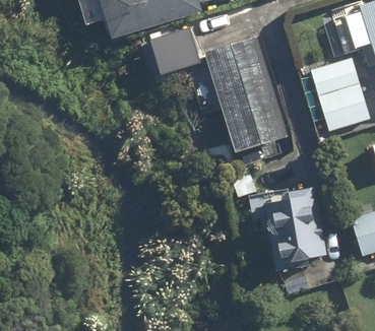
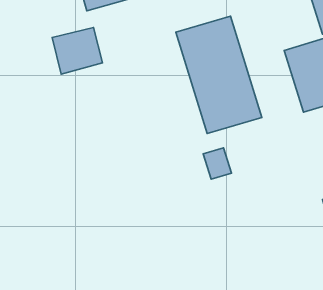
building: [149,28,200,75] -> [52,27,103,74]
building: [264,192,325,262] -> none

